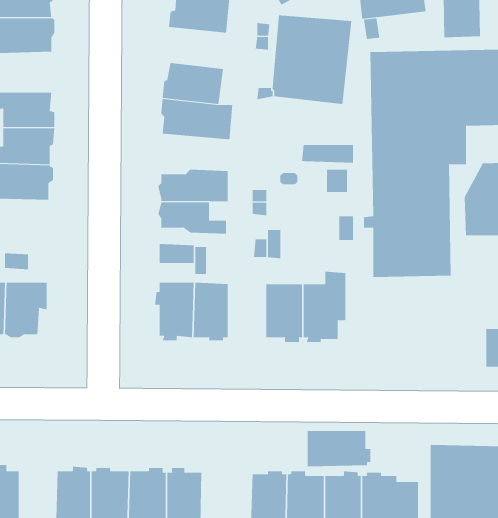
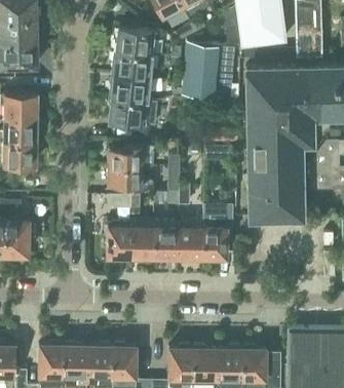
building: none -> [113,51,153,79]
building: none -> [154,222,179,260]
building: [307,430,371,467] -> none

